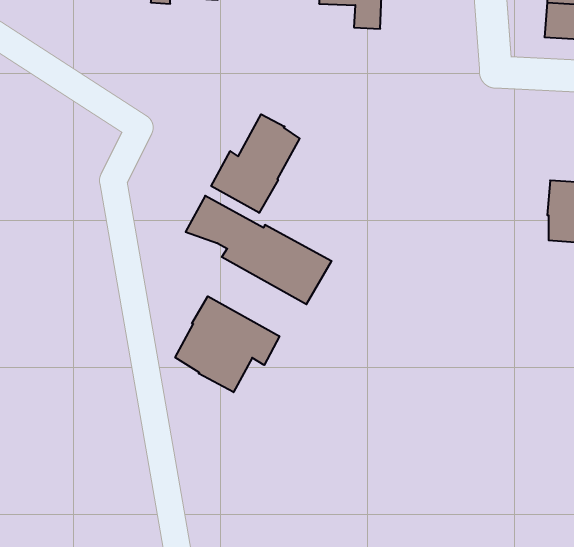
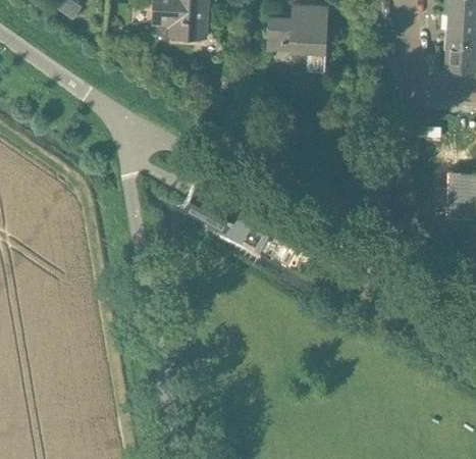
building: [211,114,300,213] -> none
building: [175,296,279,392] -> none

